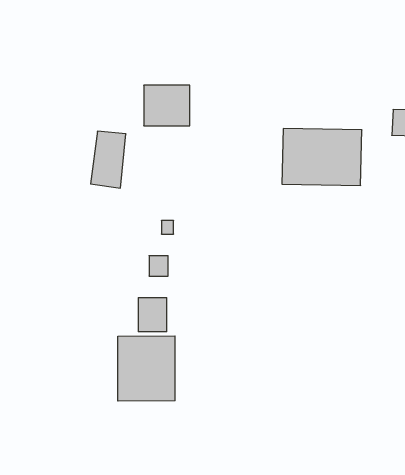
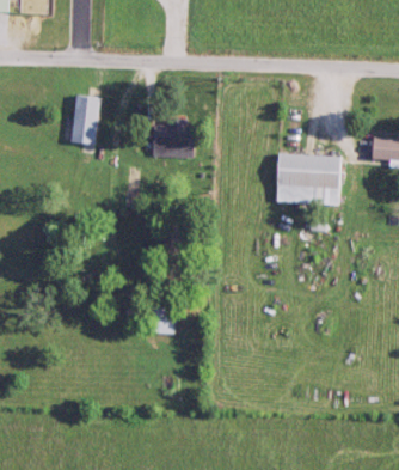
building: [91,131,126,188] -> [70,93,102,144]
building: [118,336,175,401] -> none

